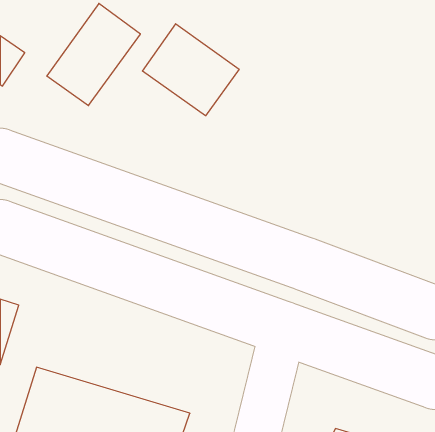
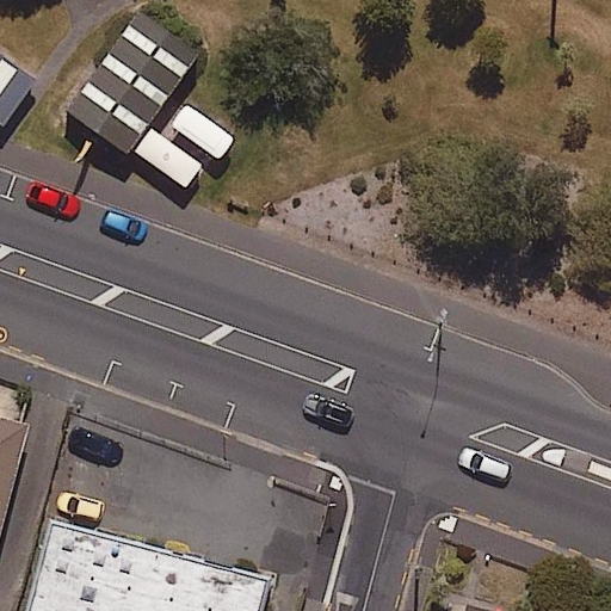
building: [142,24,239,116] -> none

